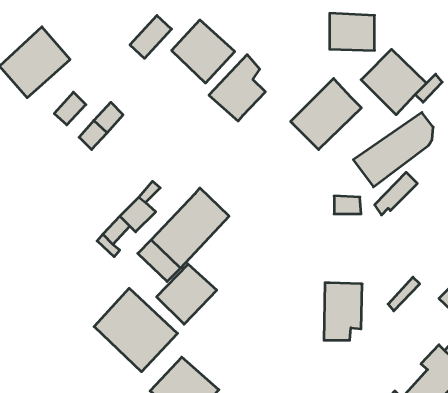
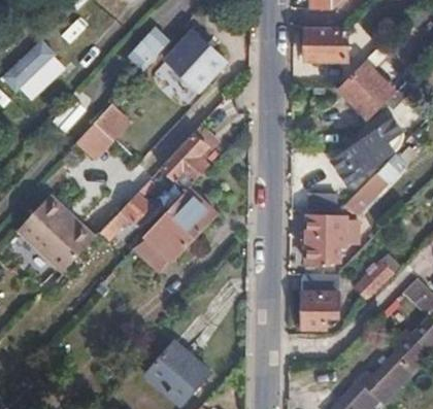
building: [209,55,265,121] -> [158,132,209,193]
building: [291,78,361,150] -> none
building: none -> [307,217,345,275]
building: [157,264,217,324] -> none
building: [94,288,178,372] -> [14,199,91,275]

